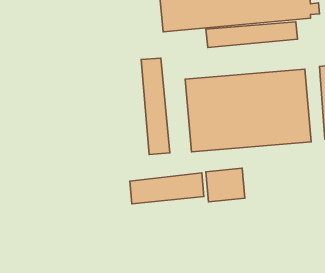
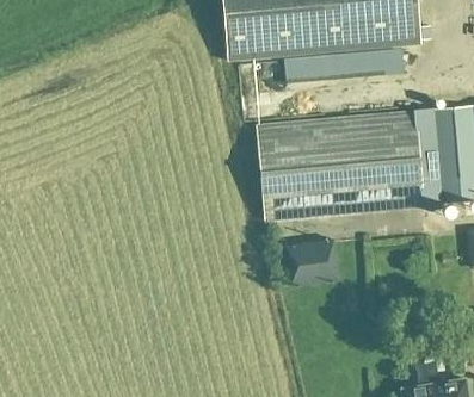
building: [141,58,170,154] -> none
building: [130,173,204,204] -> none

